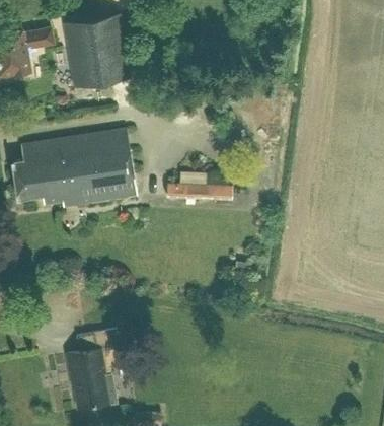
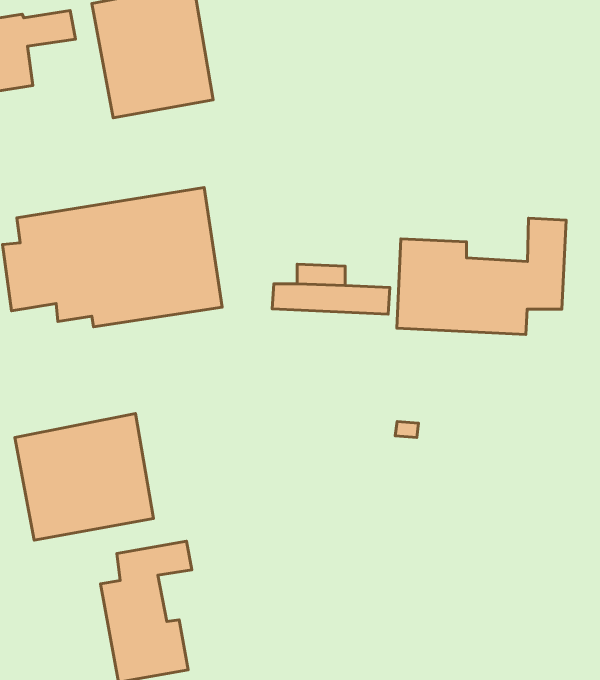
building: none -> [397,218,566,334]
building: none -> [15,413,154,540]

